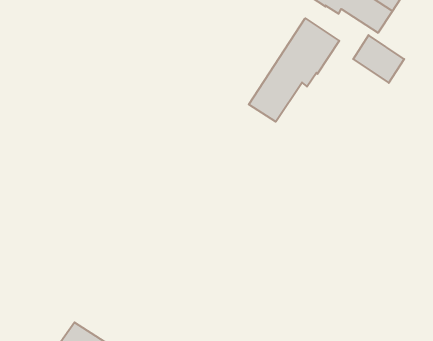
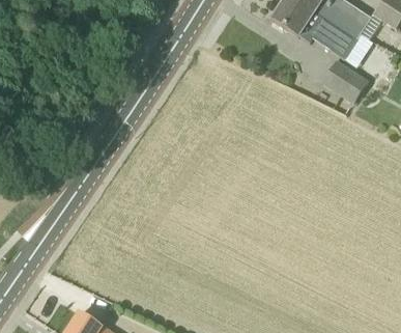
building: [249,18,339,122] -> none

